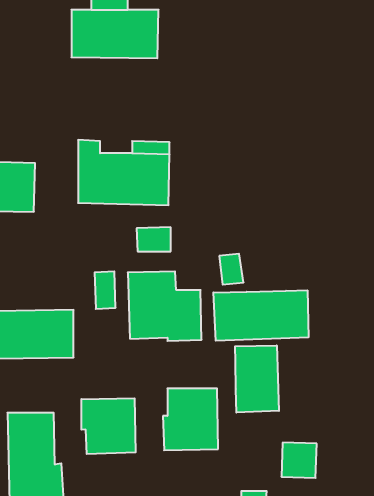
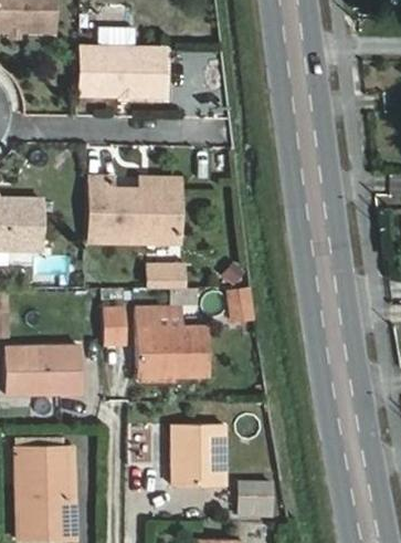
building: [213,290,308,341] -> none
building: [235,345,279,413] -> none
building: [81,398,136,454] -> none
building: [281,443,317,478] -> [238,482,273,518]

